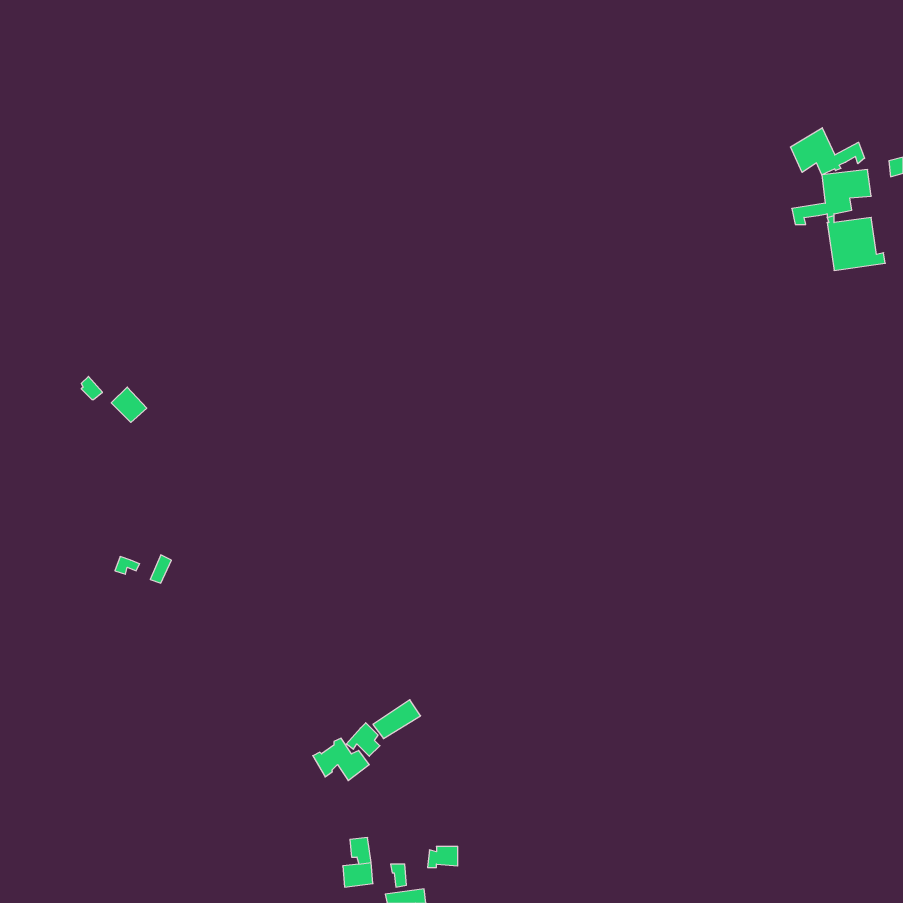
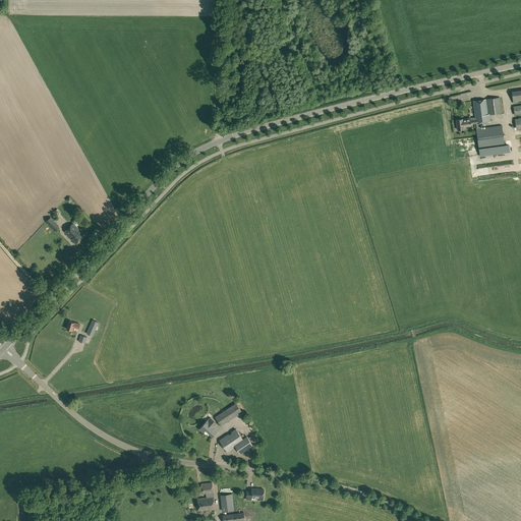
building: [791,128,865,175] -> none
building: [313,738,369,781] -> [220,429,252,454]

